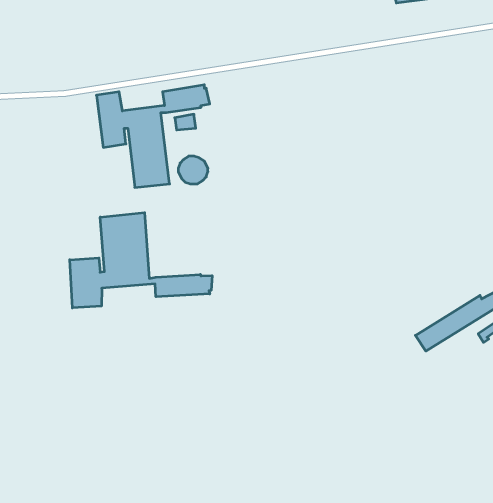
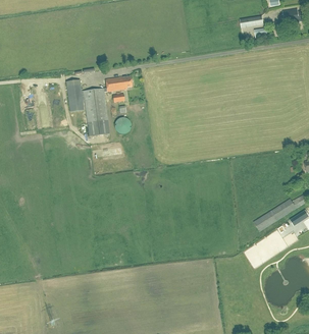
building: [70,213,212,308] -> none

